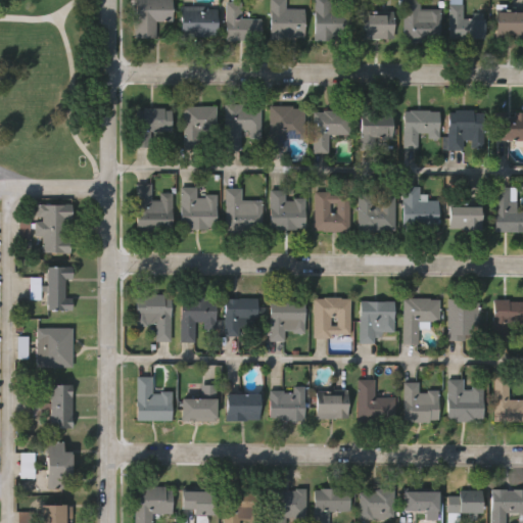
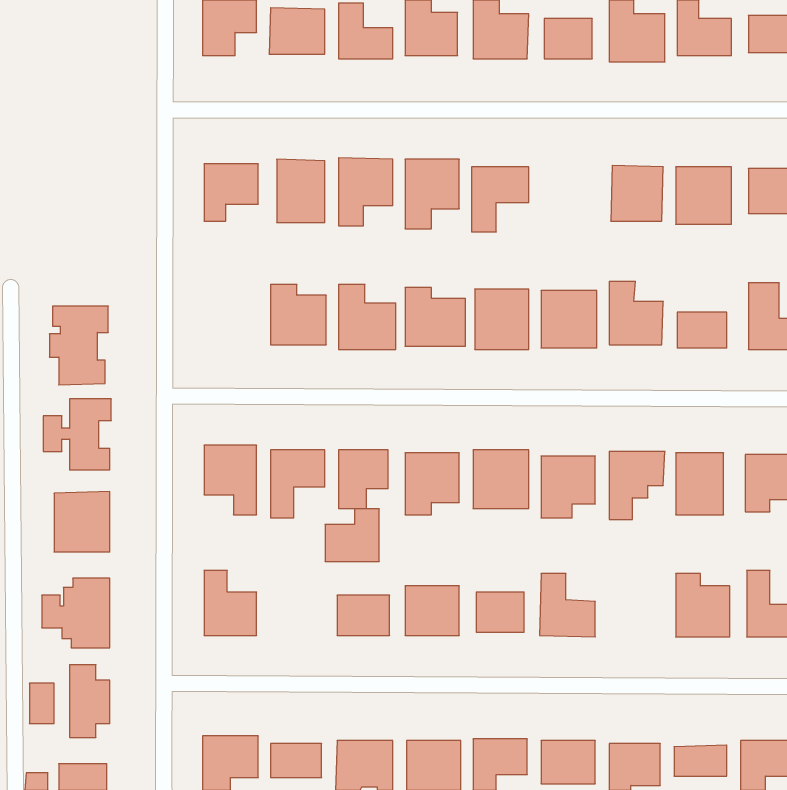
building: [362,110,391,149] -> none
building: [136,184,174,232] -> none
building: [405,382,439,422] -> none
building: [181,385,217,420] -> [325,509,379,561]

